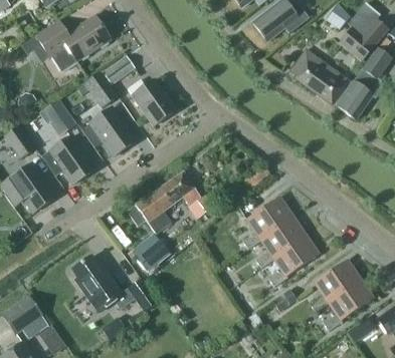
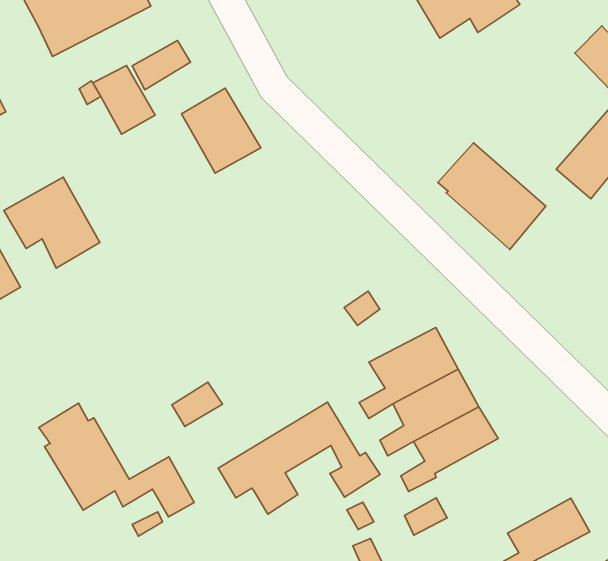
building: [289,49,349,104] -> [438,143,546,249]
building: [41,99,77,136] -> none
building: [82,107,136,156] -> none
building: [129,169,216,233] -> [218,402,380,514]
building: [312,259,362,311] -> none

